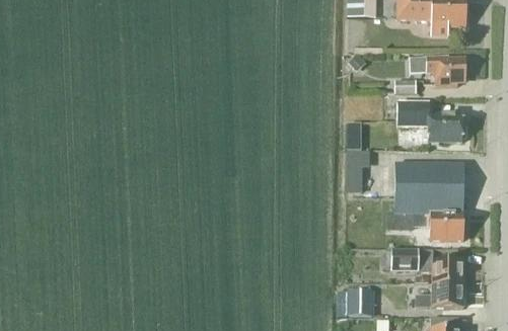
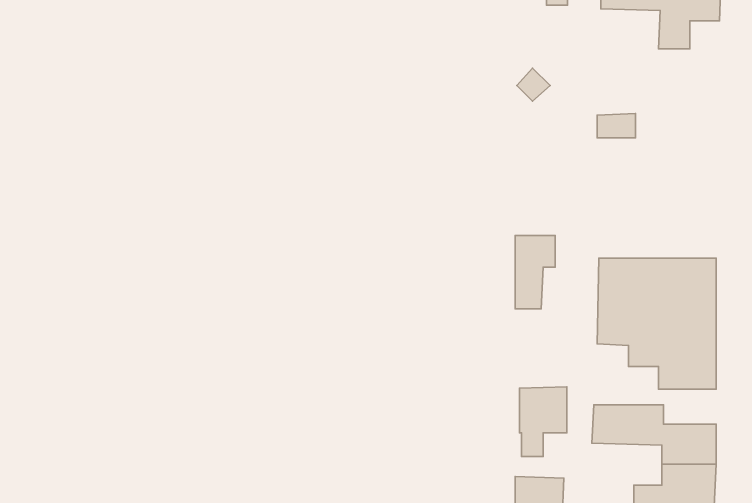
building: [410,55,465,86] -> none
building: [388,101,464,141] -> none
building: none -> [519,387,567,456]

